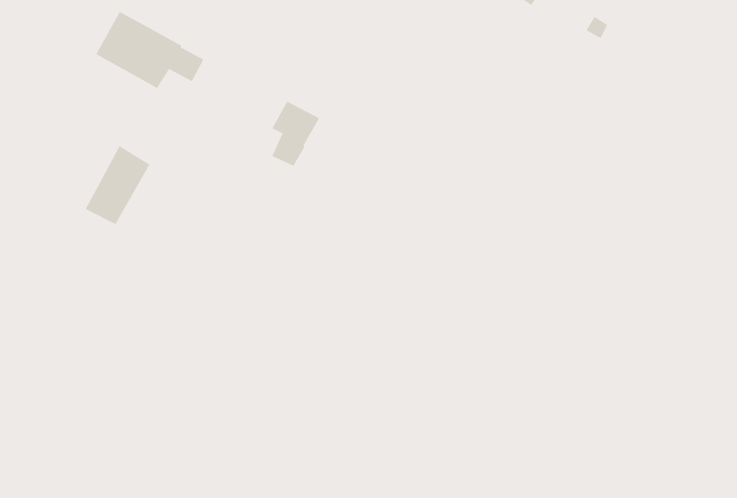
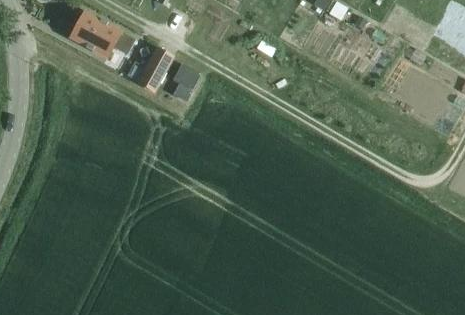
building: [85,145,150,225] -> [135,46,173,92]

